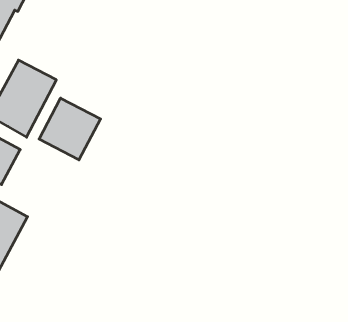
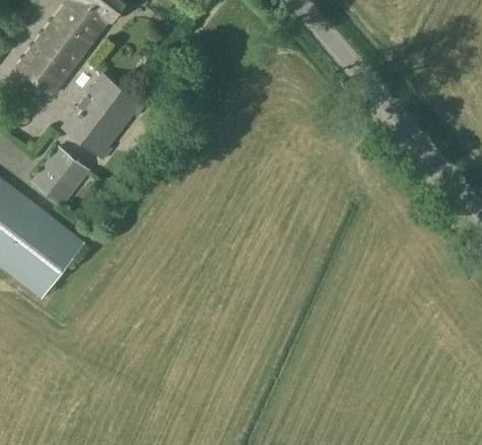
building: [39,98,101,160] -> none

